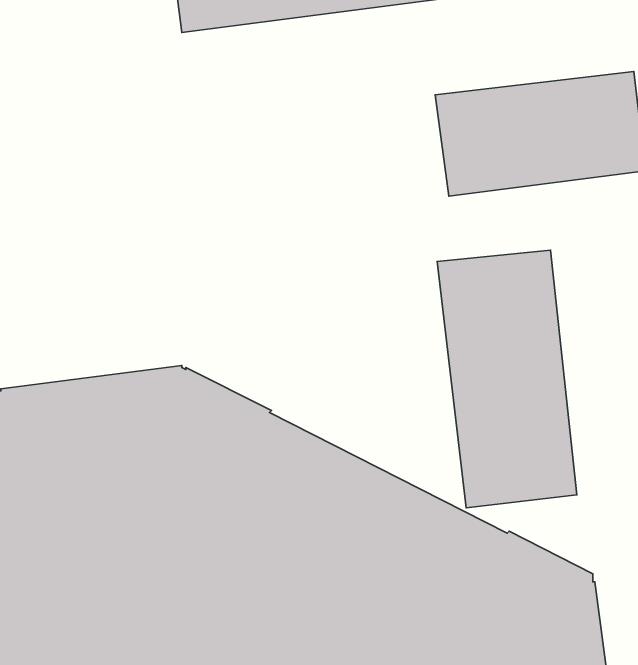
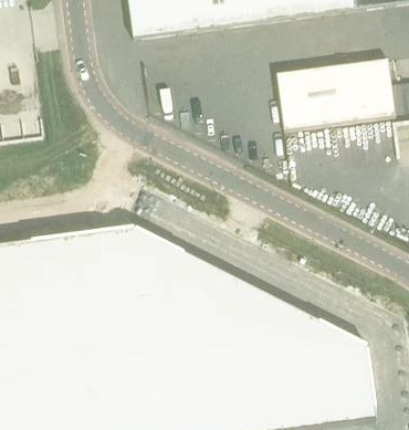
building: [437,250,577,508] -> none

